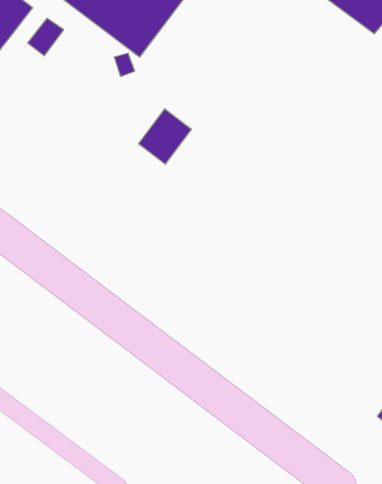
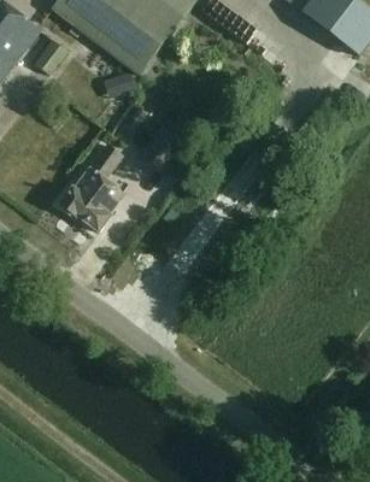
building: none -> [61,142,127,229]

